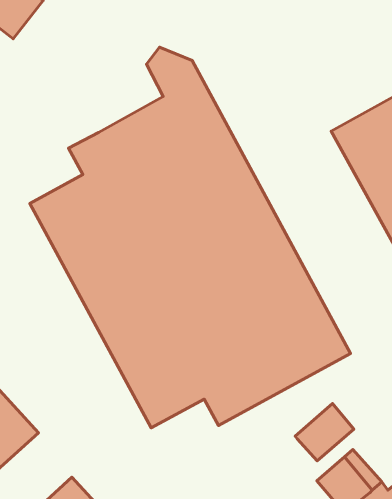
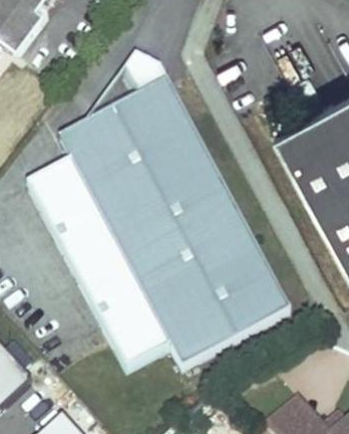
building: none -> [83,69,137,127]
building: [295,404,354,461] -> none

